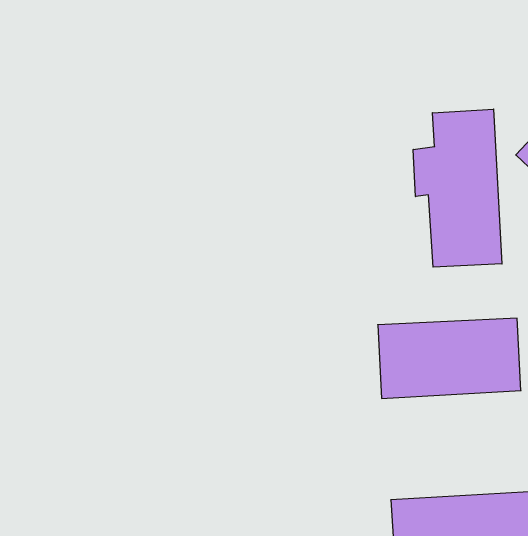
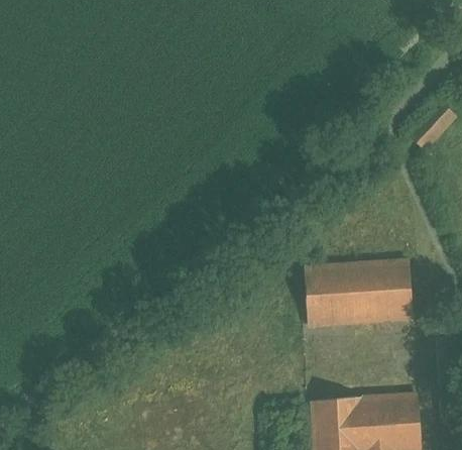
building: [413,109,502,267] -> none

